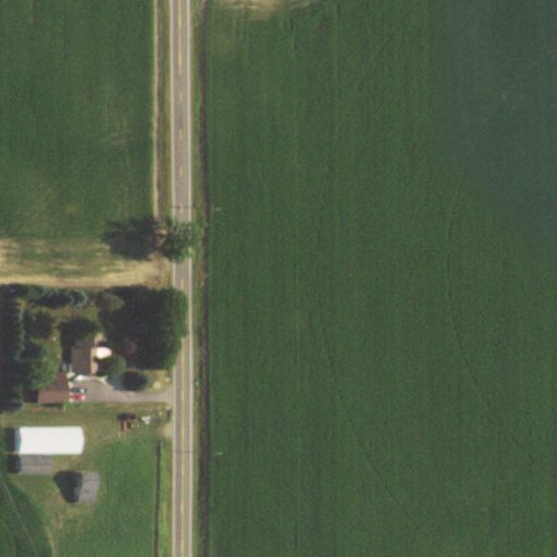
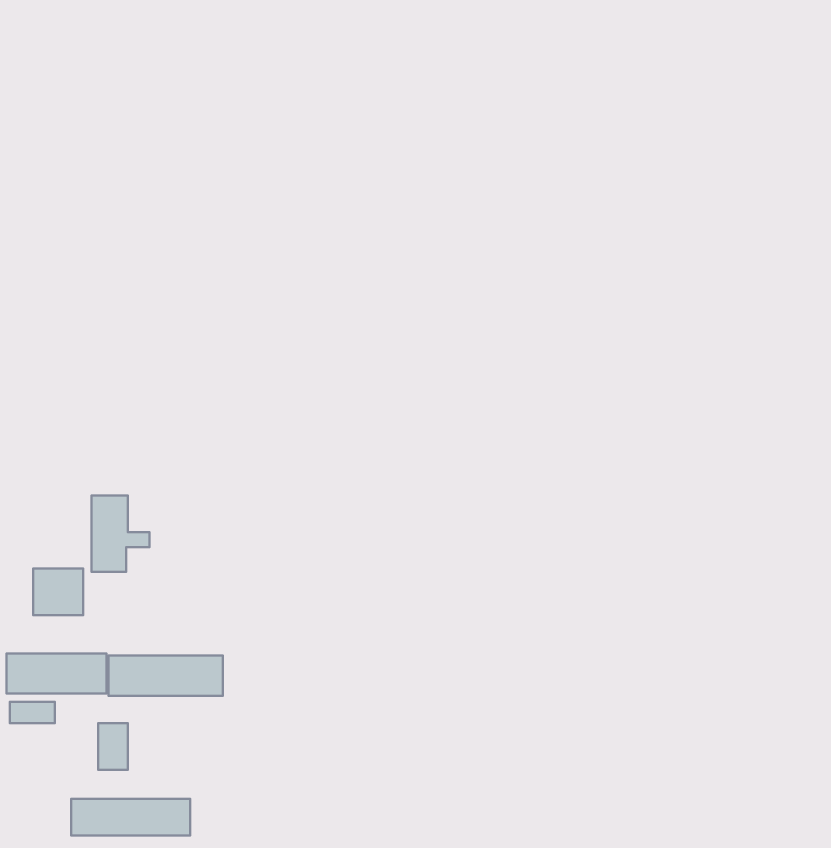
building: none -> [108,655,223,696]
building: none -> [71,799,190,836]

